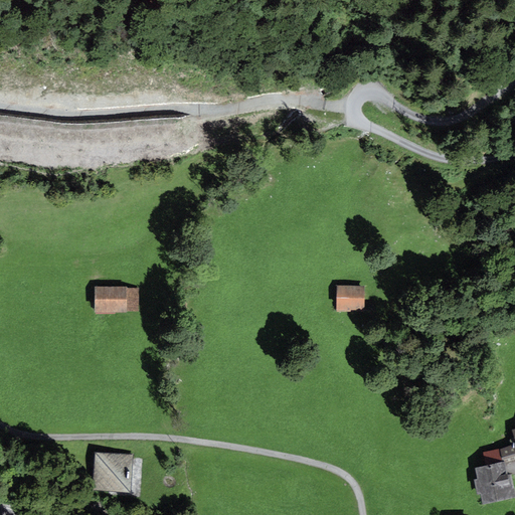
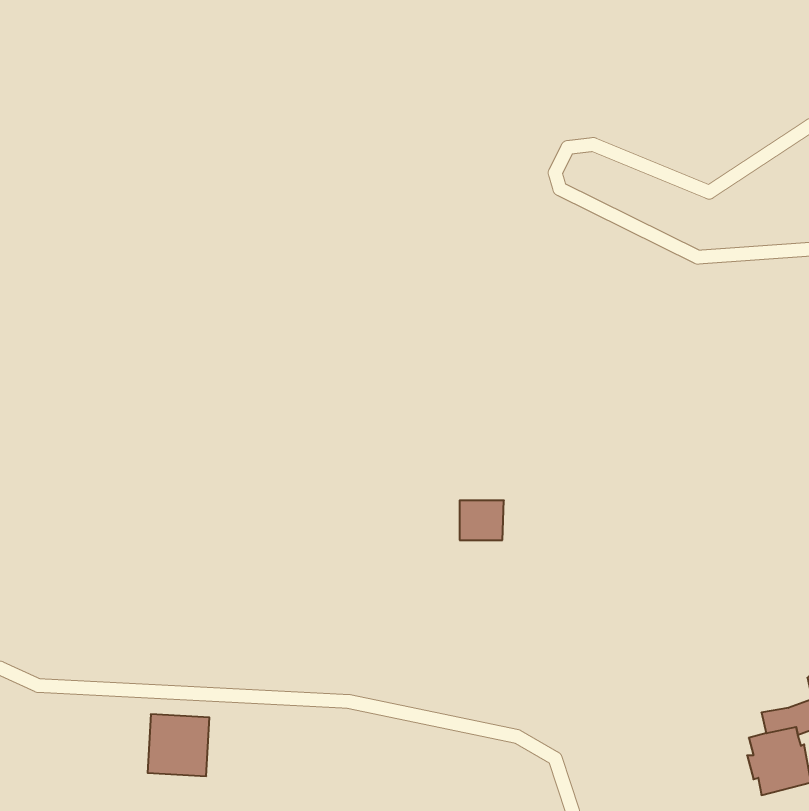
building: [95,286,140,313] -> none
building: [338,286,366,311] -> [460,500,504,540]

